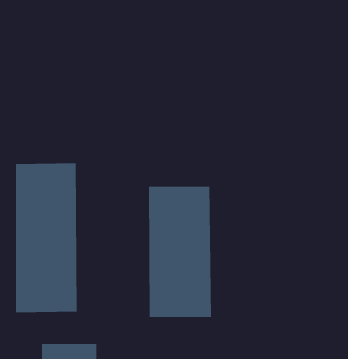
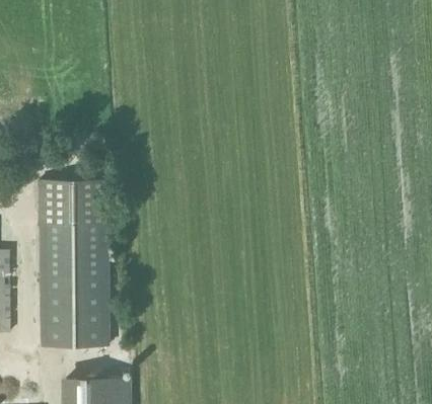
building: [148,186,212,318] -> none

